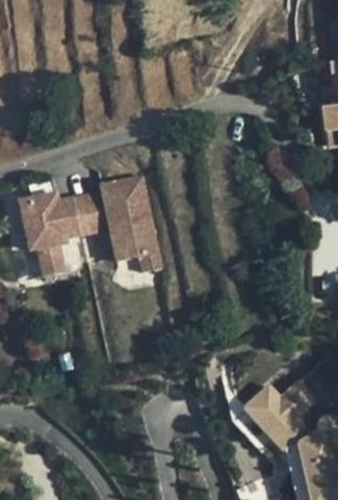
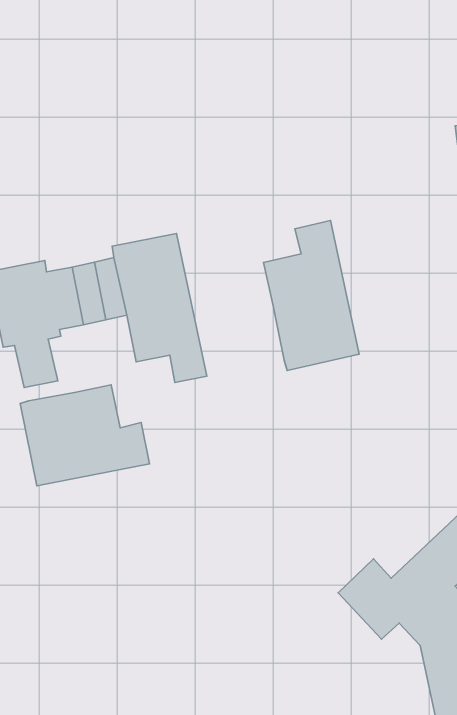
building: none -> [264,221,359,370]
building: none -> [20,385,150,486]

